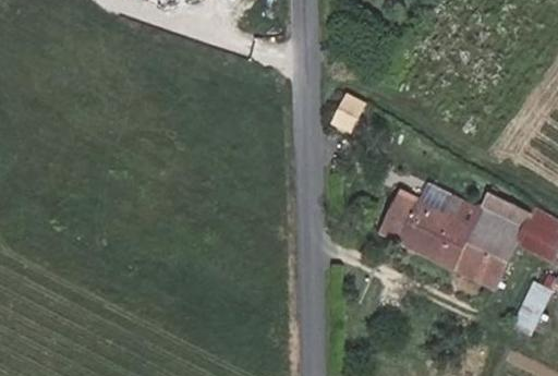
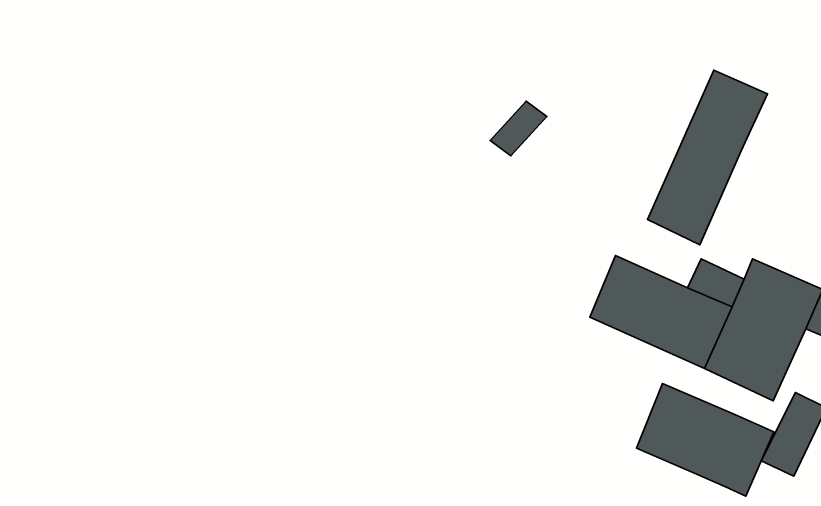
building: none -> [648,70,767,245]
building: none -> [637,384,774,496]

